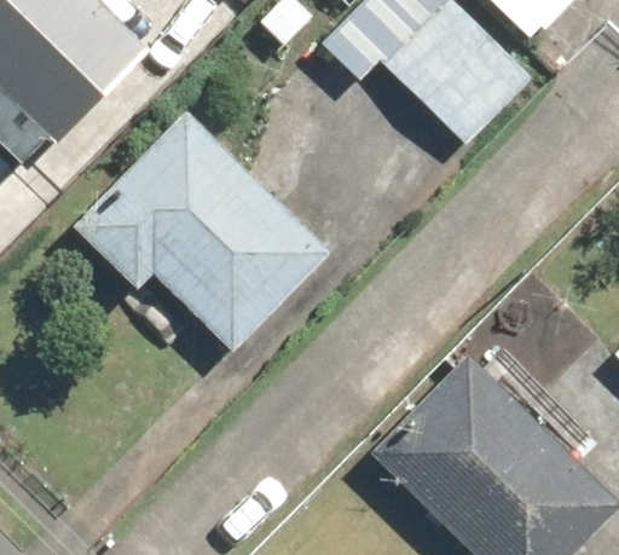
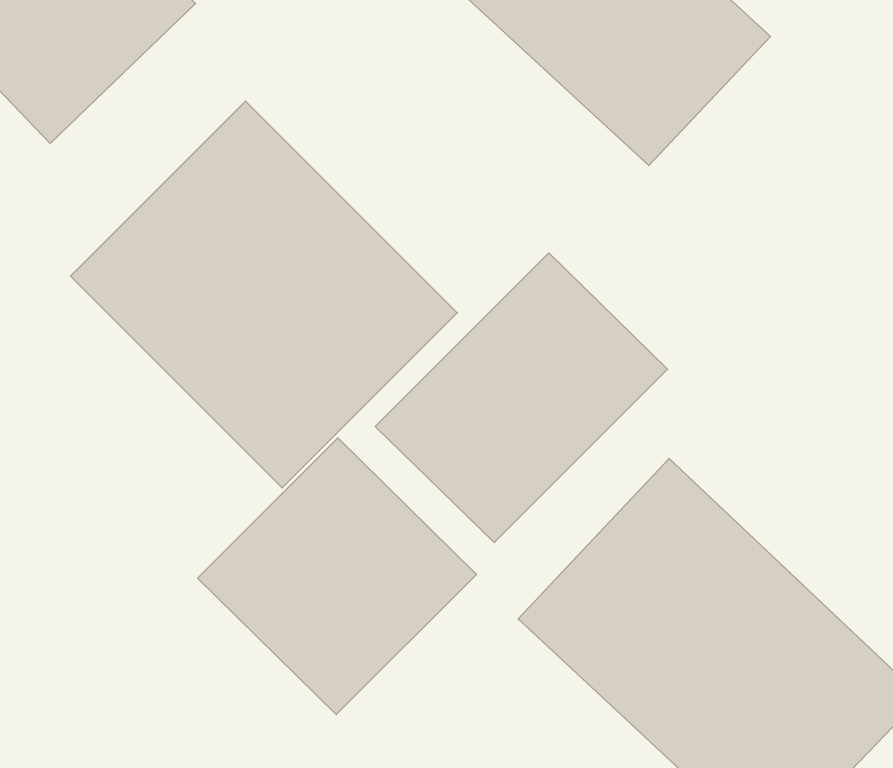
building: none -> [375,253,668,543]
building: none -> [198,438,477,715]

